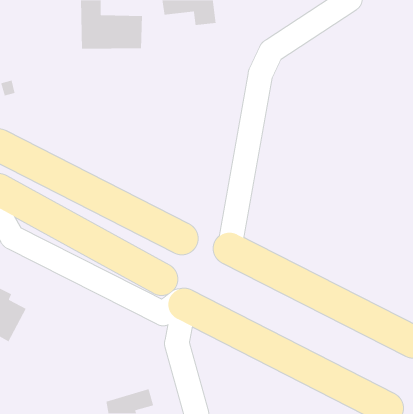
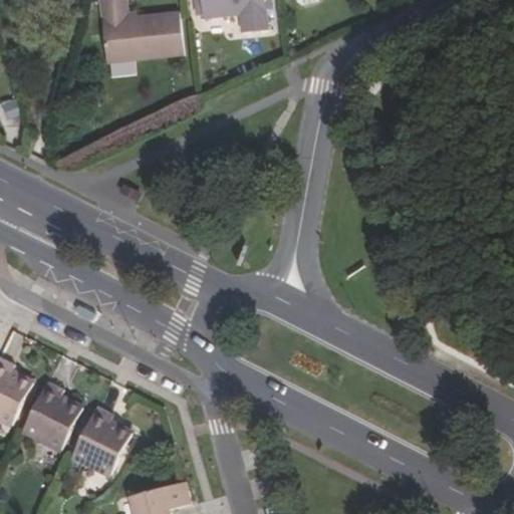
building: none -> [23,380,82,449]
building: none -> [72,406,132,474]

